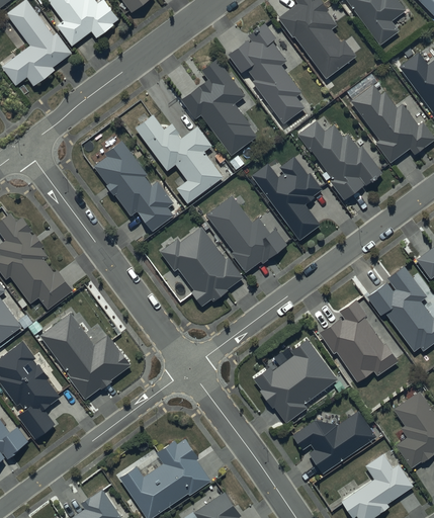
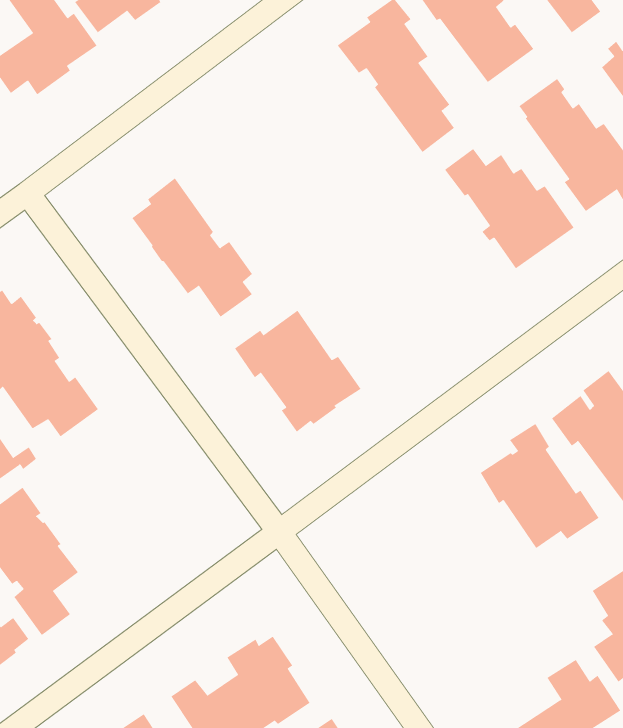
building: [180,58,257,155] -> none
building: [135,114,224,203] -> none
building: [251,156,323,241] -> none
building: [206,195,286,272] -> none
building: [40,314,131,400] -> none
building: [253,338,337,423] -> none
building: [292,411,375,472] -> none

